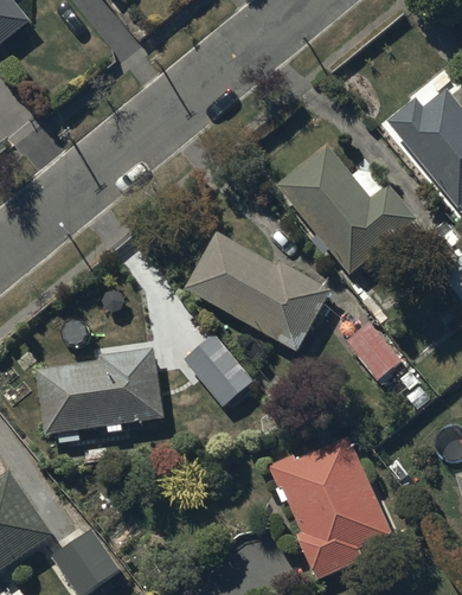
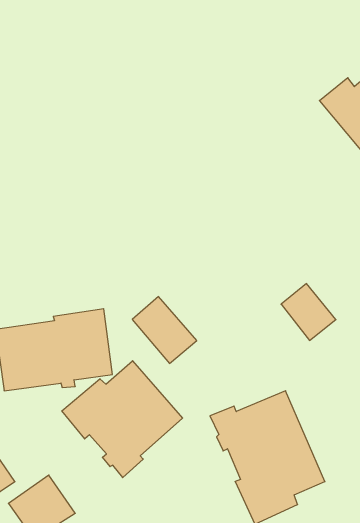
building: [277,145,417,275] -> none
building: [184,231,331,352] -> none
building: none -> [62,361,183,478]

